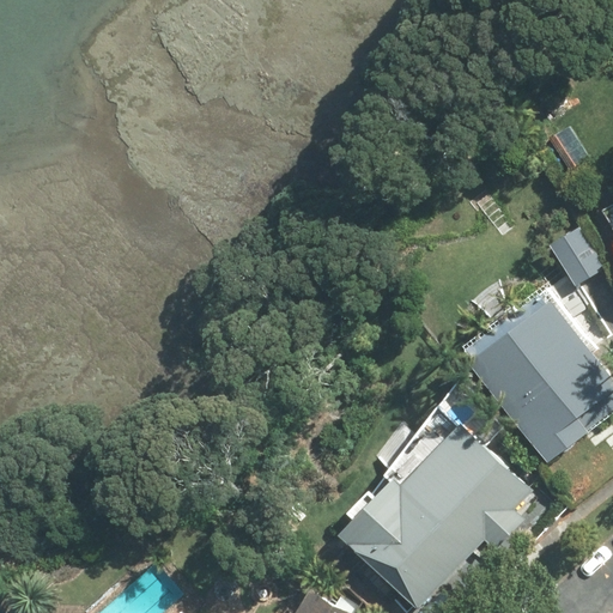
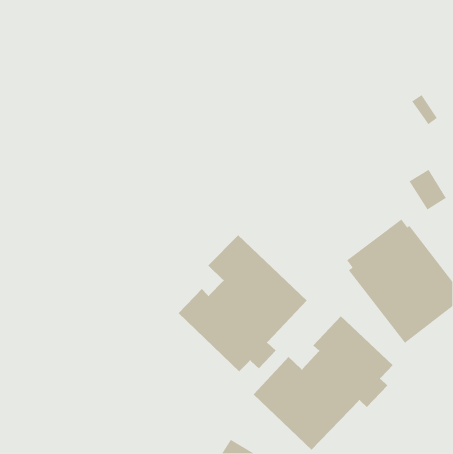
building: none -> [178,234,307,372]

